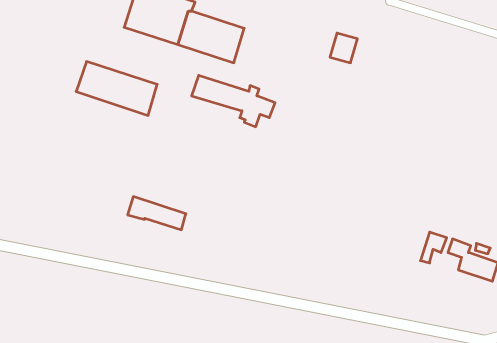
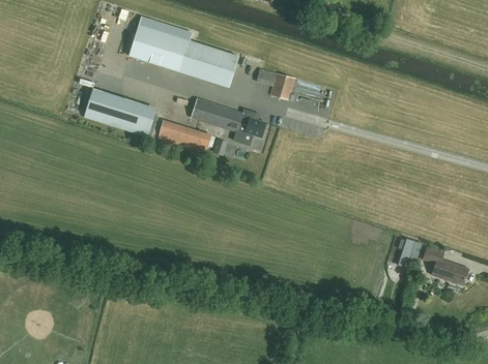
building: [330,33,357,63] -> [269,72,294,99]
building: [128,197,186,230] -> [157,119,210,149]

